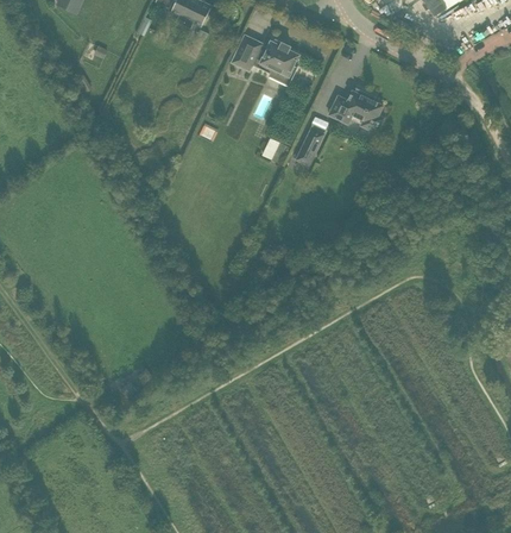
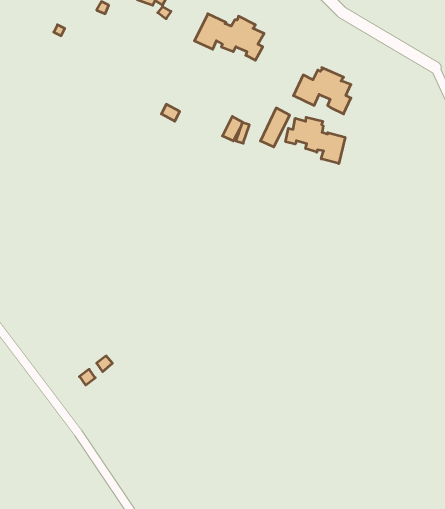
building: none -> [286,117,345,164]

